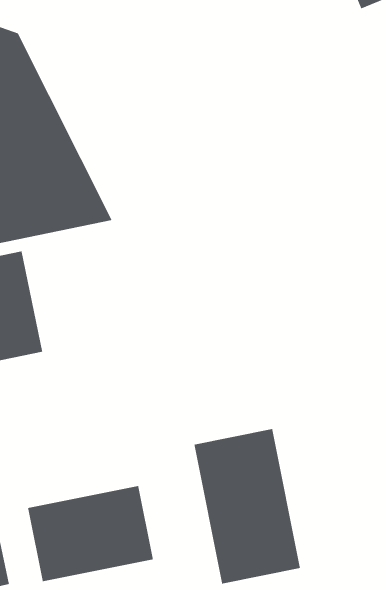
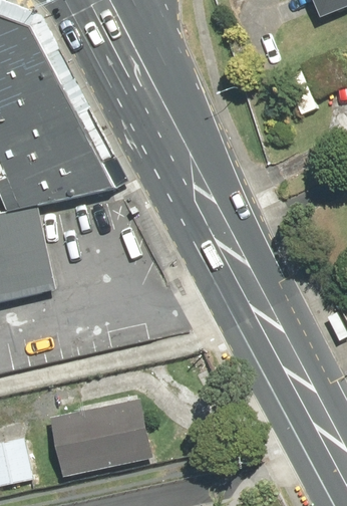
building: [193,428,301,584] -> none

